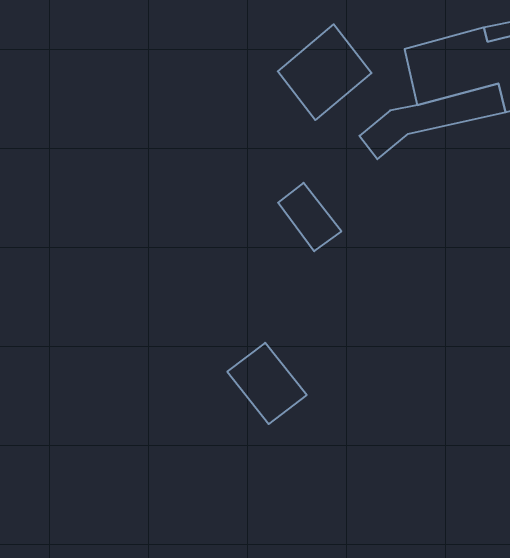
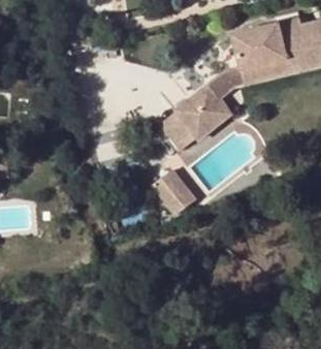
building: [278,24,372,120] -> [175,85,229,139]
building: [227,343,307,424] -> [151,168,196,215]

